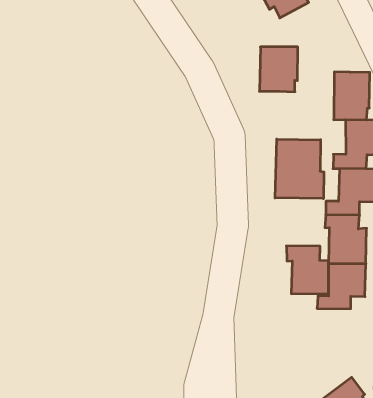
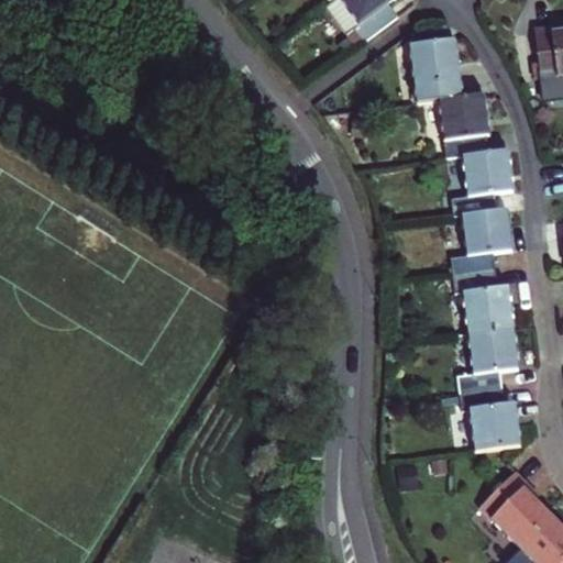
building: [259,47,298,92] -> [409,37,461,99]
building: [275,139,324,199] -> none
building: [286,246,329,294] -> [460,386,520,450]

